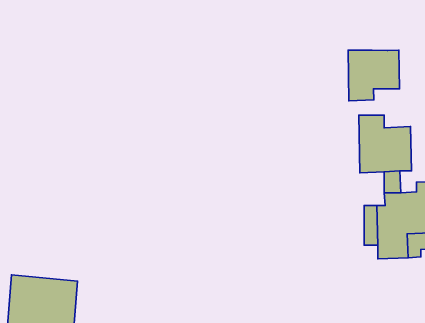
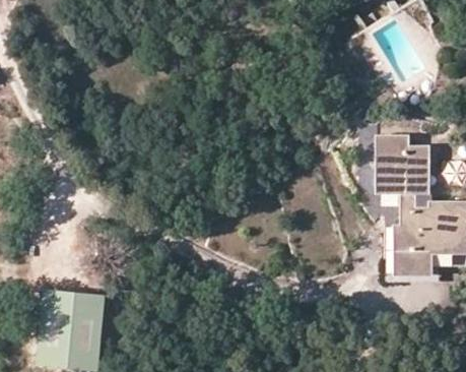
building: [348,50,399,101] -> none

